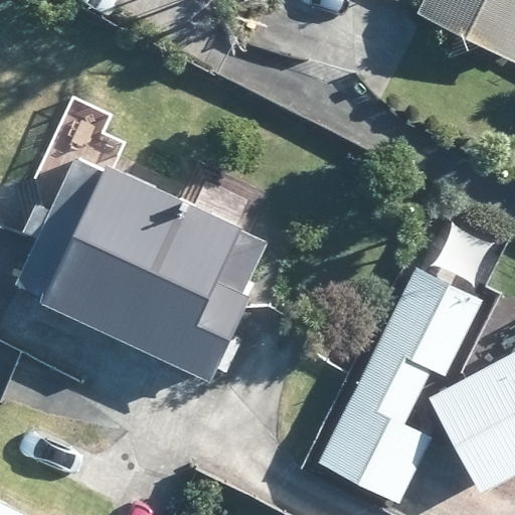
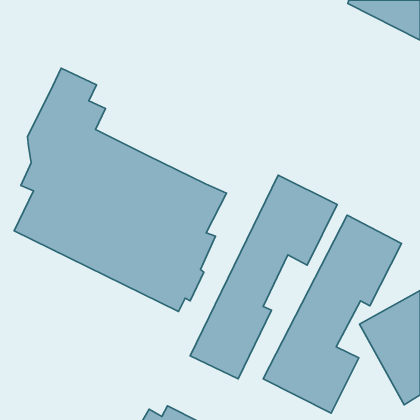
building: none -> [190,175,337,379]

